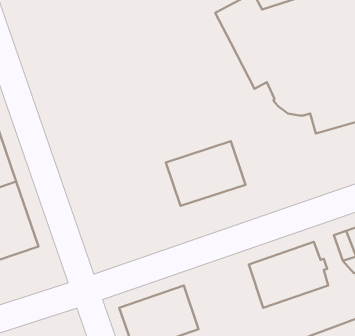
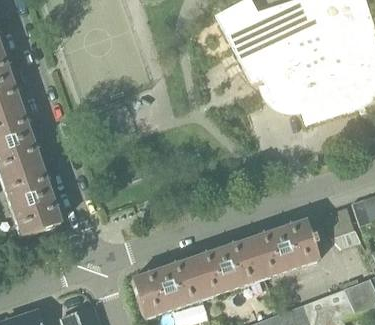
building: [166,141,245,206] -> [190,240,261,298]

